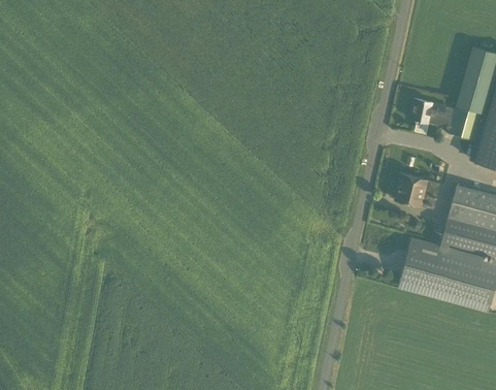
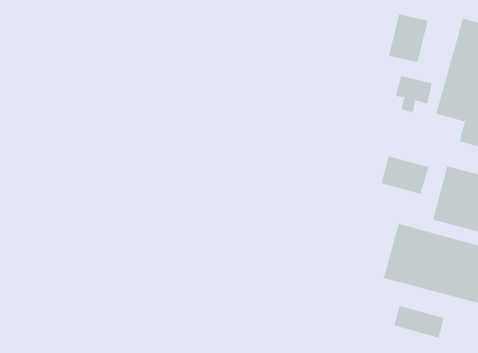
building: none -> [389,13,428,63]
building: none -> [394,305,444,338]

